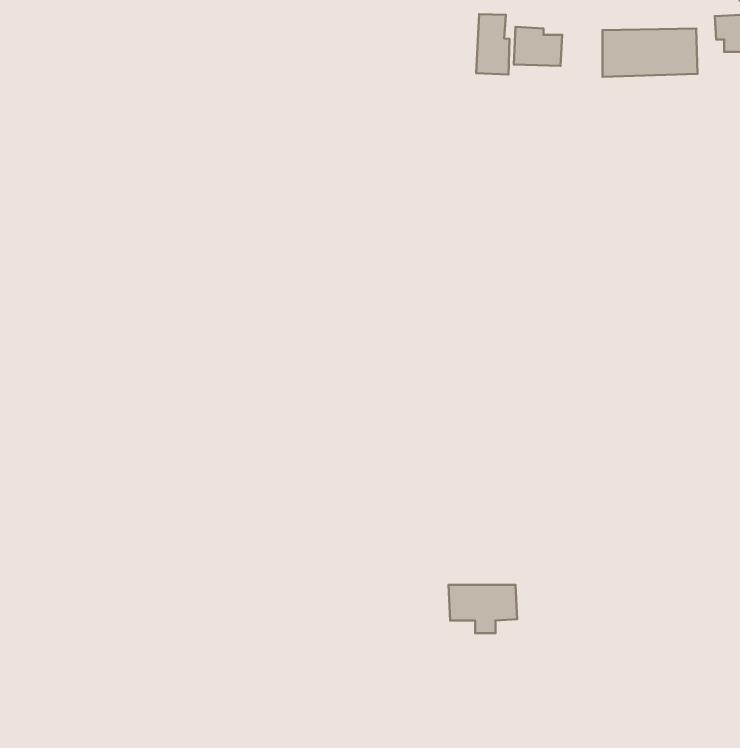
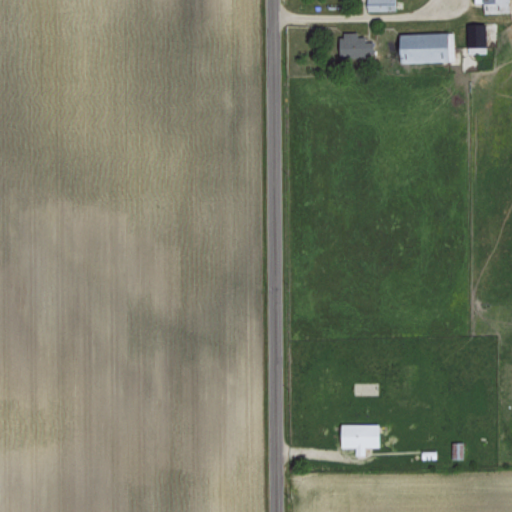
building: [476,14,510,74] -> none
building: [449,585,517,633] -> [339,425,383,456]

